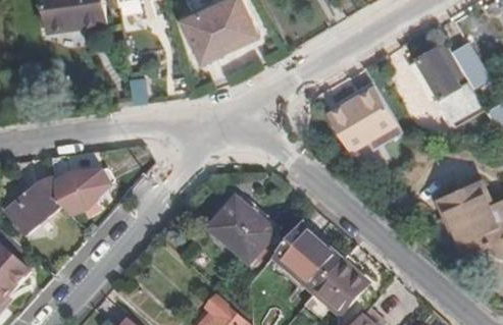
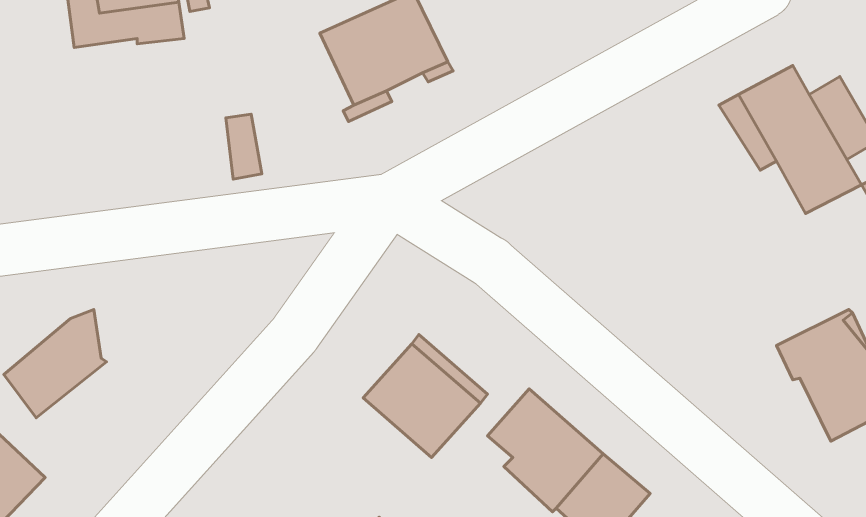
building: [329,80,406,147] -> none
building: [51,155,107,217] -> none

